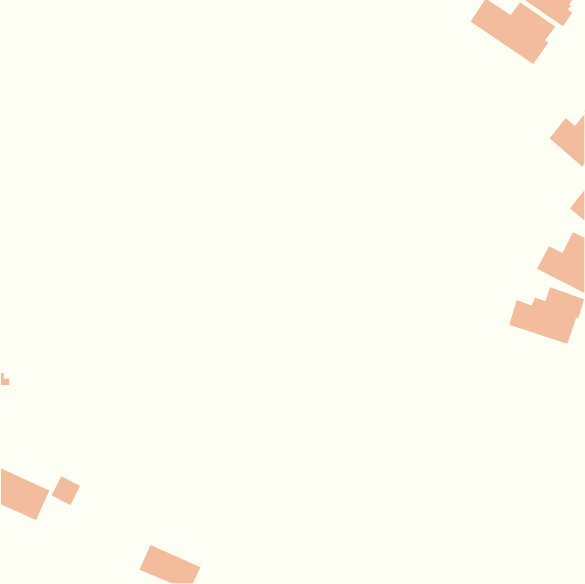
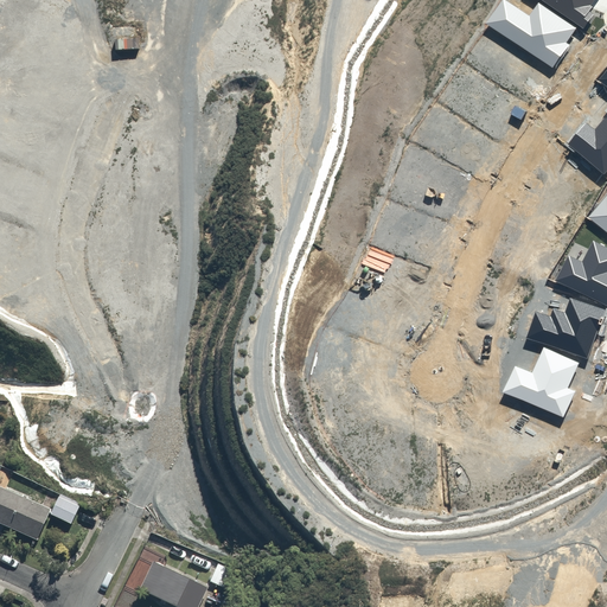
building: none -> [503,346,579,417]

